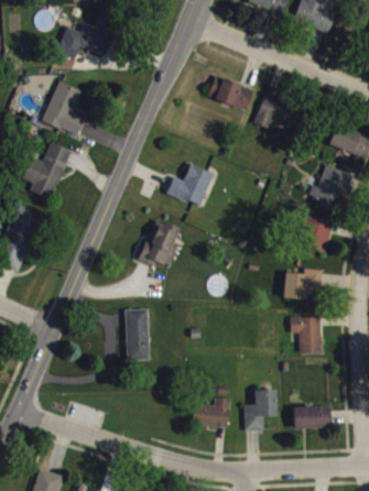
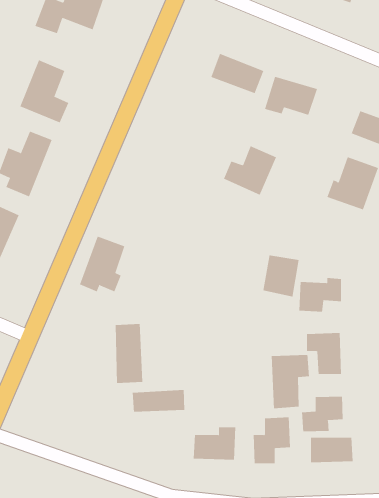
building: [166,163,213,206] -> [223,146,277,195]
building: [300,216,332,252] -> [262,255,299,297]
building: [139,218,178,266] -> [79,236,125,292]
building: none -> [271,354,310,409]
building: none -> [132,389,185,413]
building: none -> [301,396,343,432]

